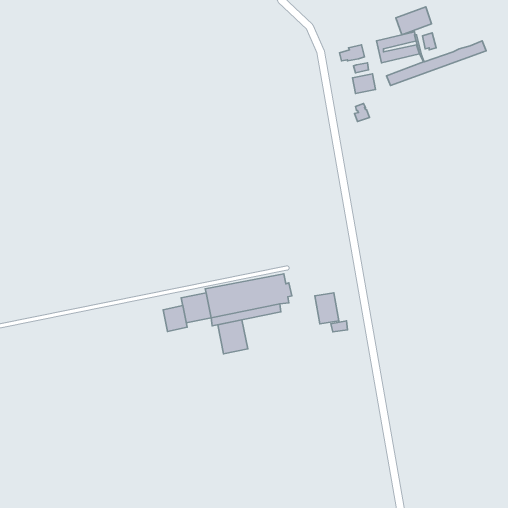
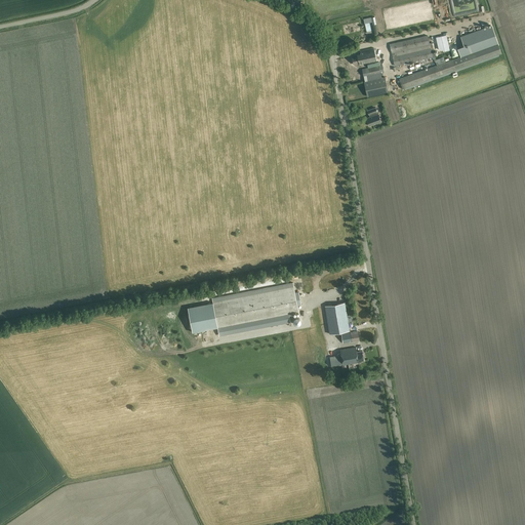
building: [396,7,432,35] -> [459,25,496,53]
building: [163,306,187,331] -> none
building: [218,320,248,354] -> none
building: none -> [329,347,363,366]

